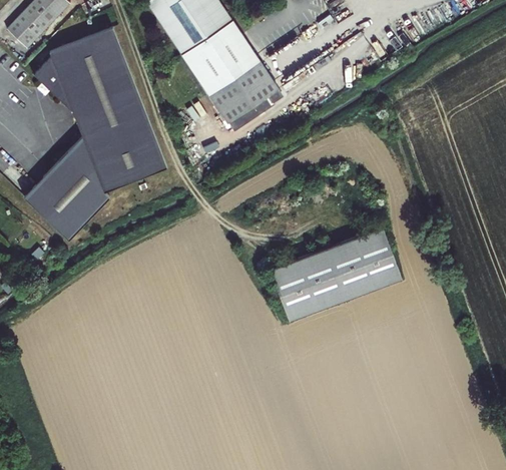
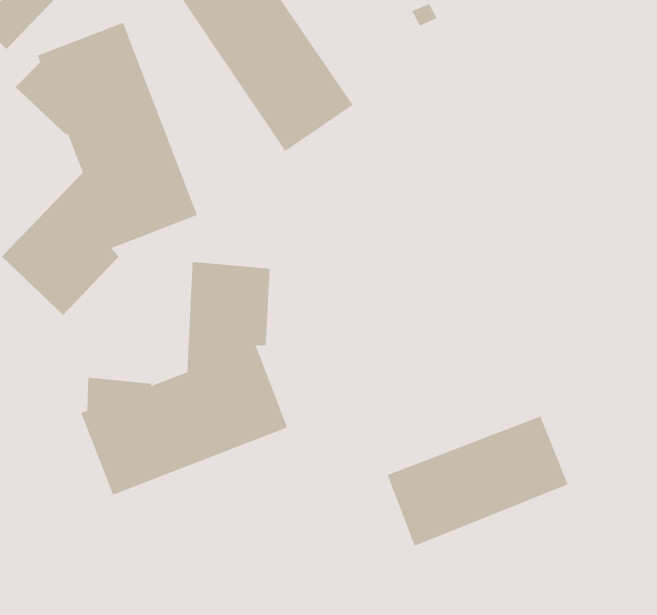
building: none -> [81,261,288,495]
building: [270,227,402,323] -> [387,416,568,547]

